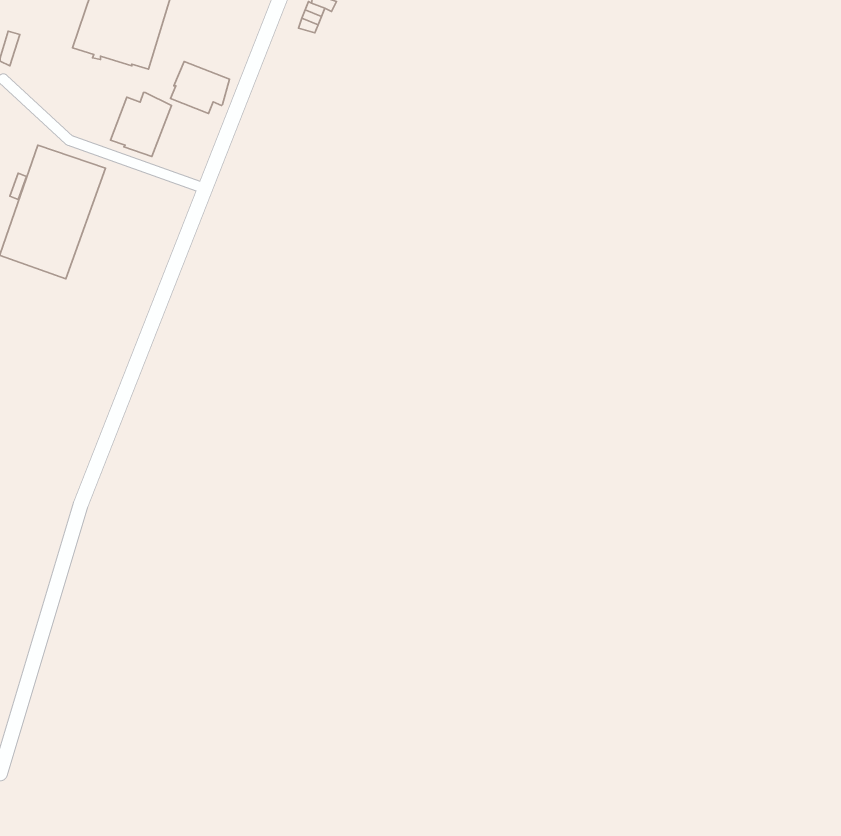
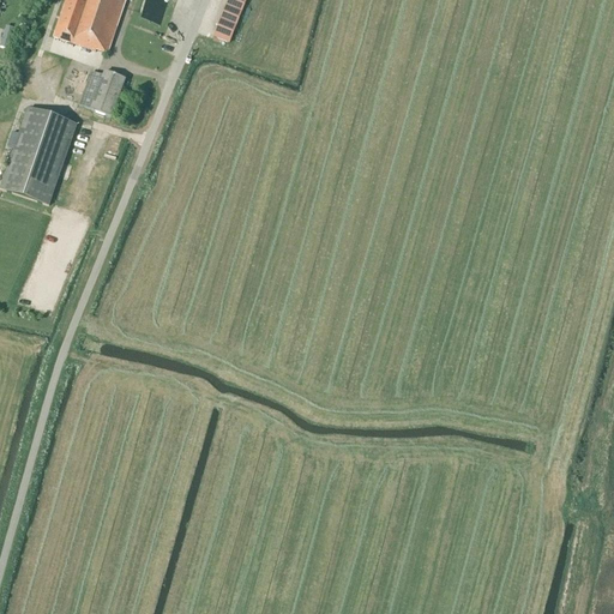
building: [170,62,230,113] -> none

